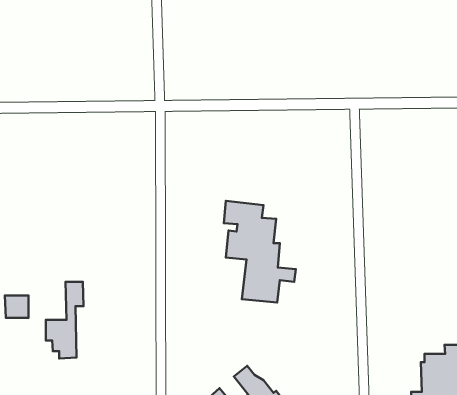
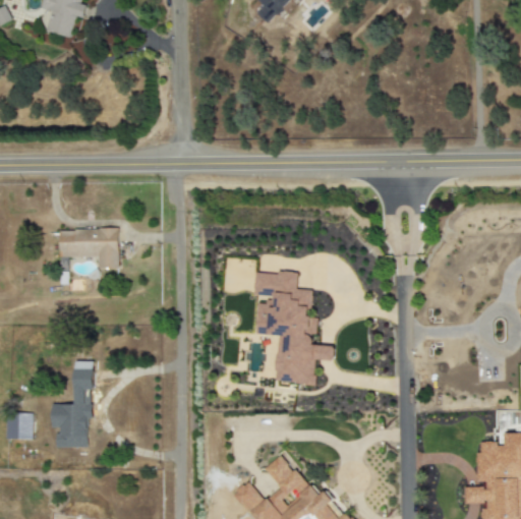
building: none -> [59,229,119,268]
building: [5,295,28,318] -> [5,413,32,439]

